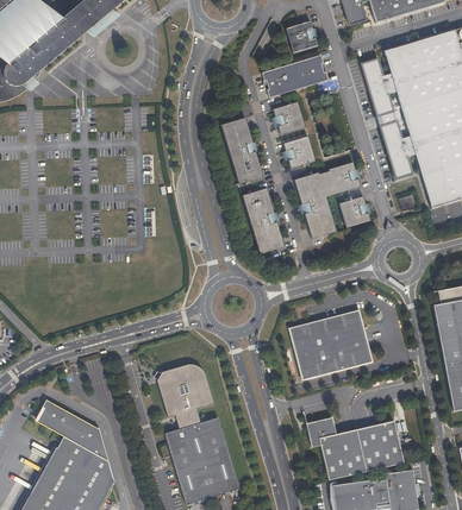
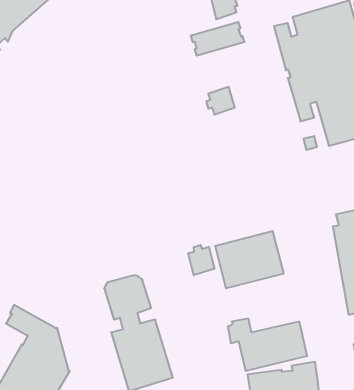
building: [271,101,306,136] -> none
building: [219,119,262,185] -> none
building: [293,163,363,240] -> none
building: [242,189,285,254] -> none
building: [338,195,374,231] -> none
building: none -> [188,245,214,275]

